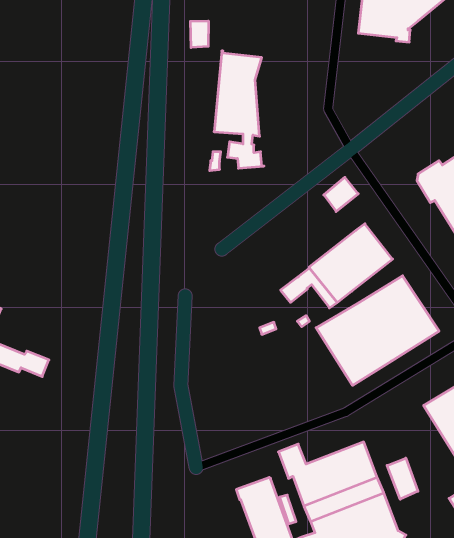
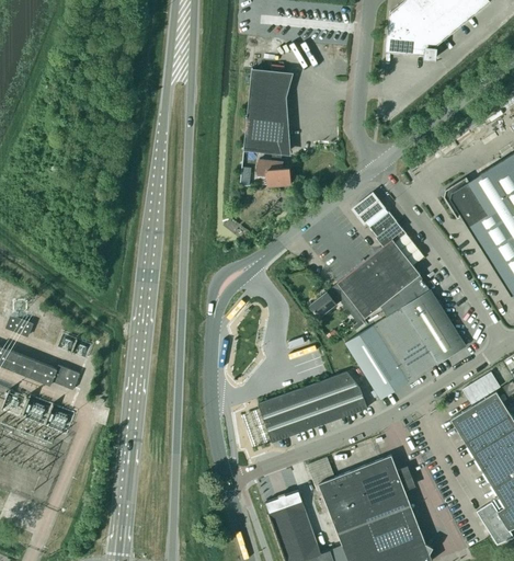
building: [190,21,208,48] -> none
building: none -> [370,213,404,247]
building: none -> [380,275,431,318]
building: none -> [260,373,368,443]
building: [387,458,418,499] -> none

